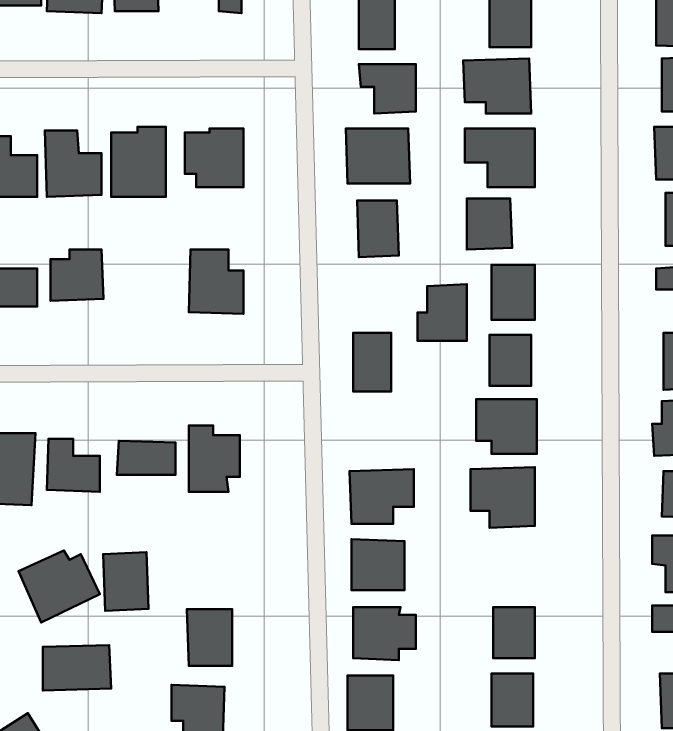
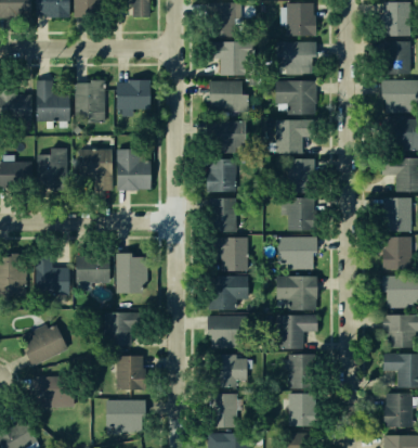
building: none -> [79,150,110,191]
building: [418,284,467,341] -> [207,158,235,191]
building: none -> [222,240,248,273]
building: none -> [279,317,317,346]
building: [103,552,149,611] -> [107,313,133,347]

